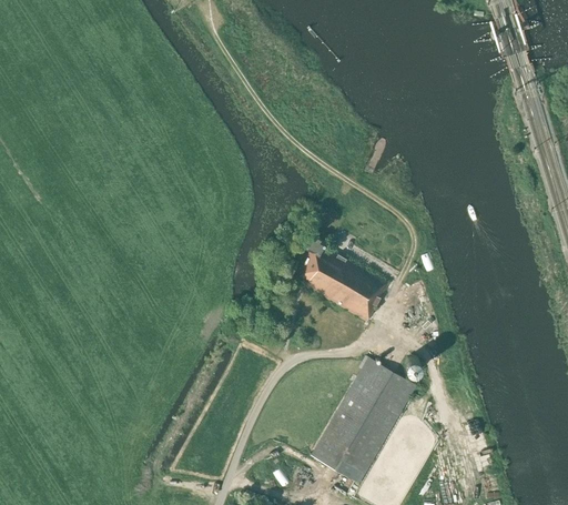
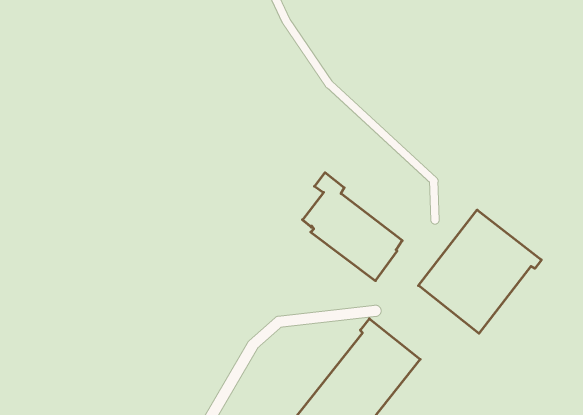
building: none -> [418,210,541,333]

